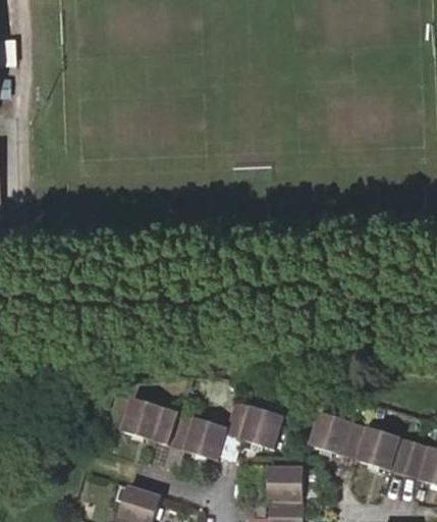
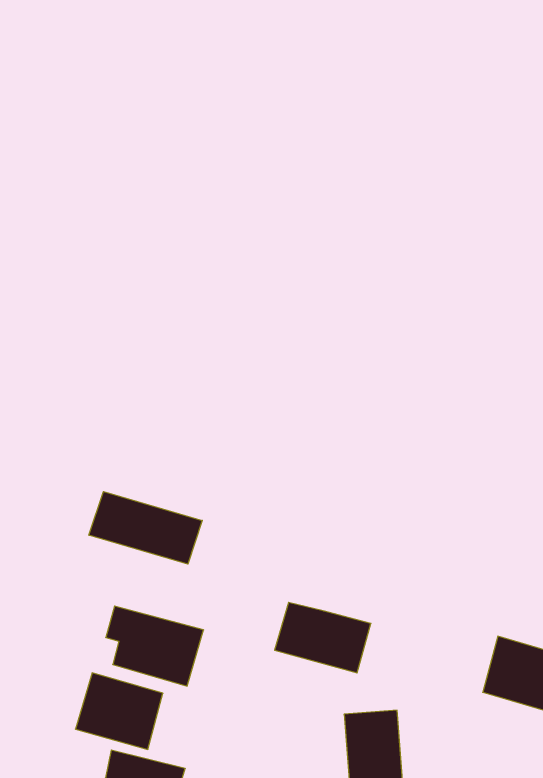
building: none -> [89,492,202,564]
building: [168,408,225,459] -> [75,673,163,749]
building: [308,409,367,461] -> none

